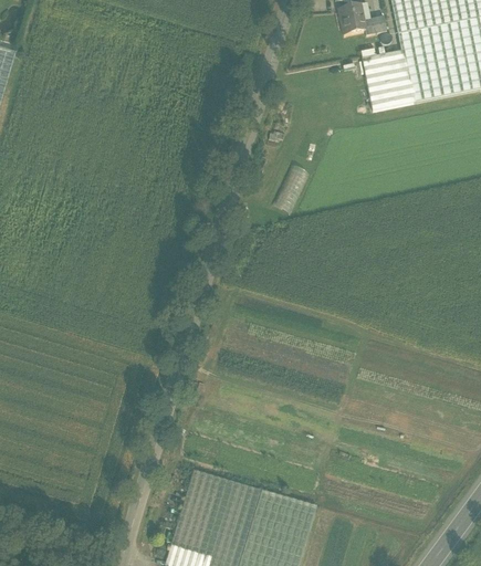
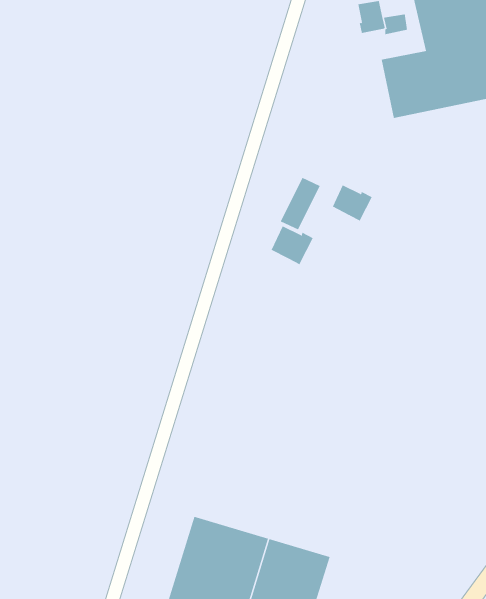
building: none -> [332,184,373,221]
building: none -> [271,225,314,265]

